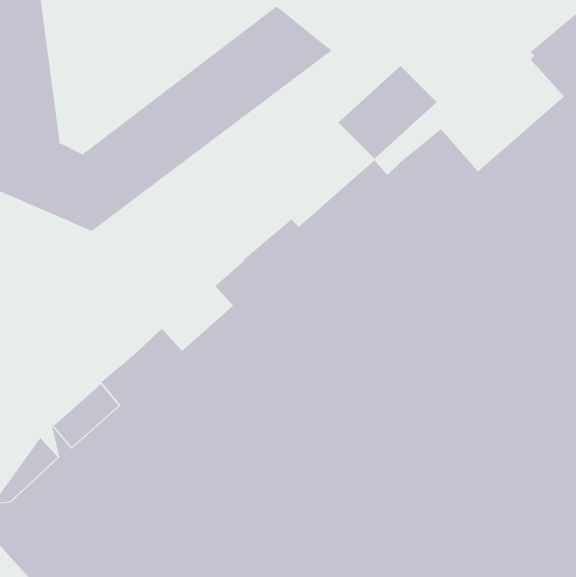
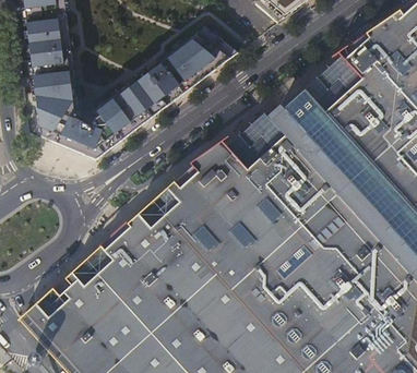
building: [338,65,437,160] -> [300,56,359,111]
building: none -> [135,189,177,227]

